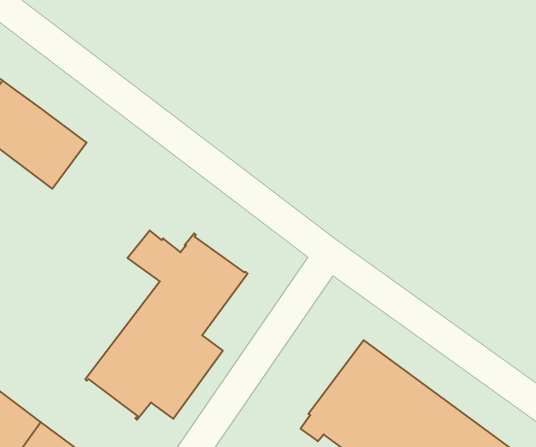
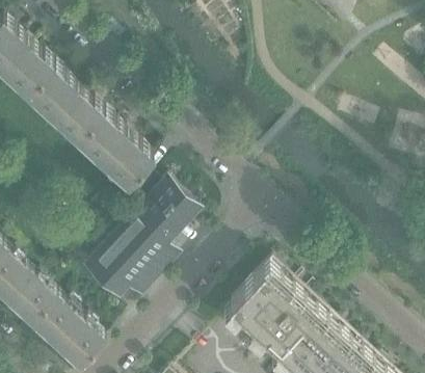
building: none -> [78,115,154,189]

